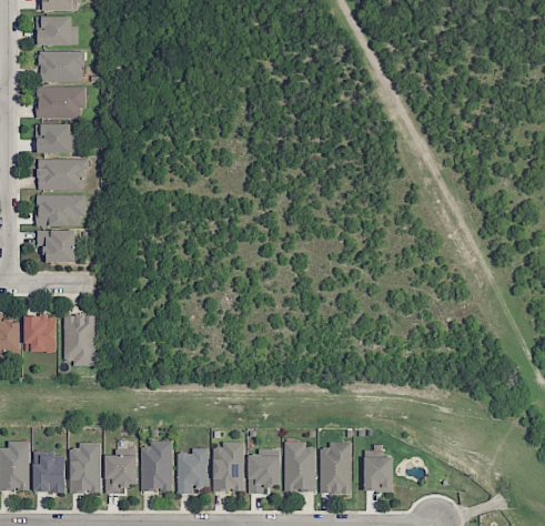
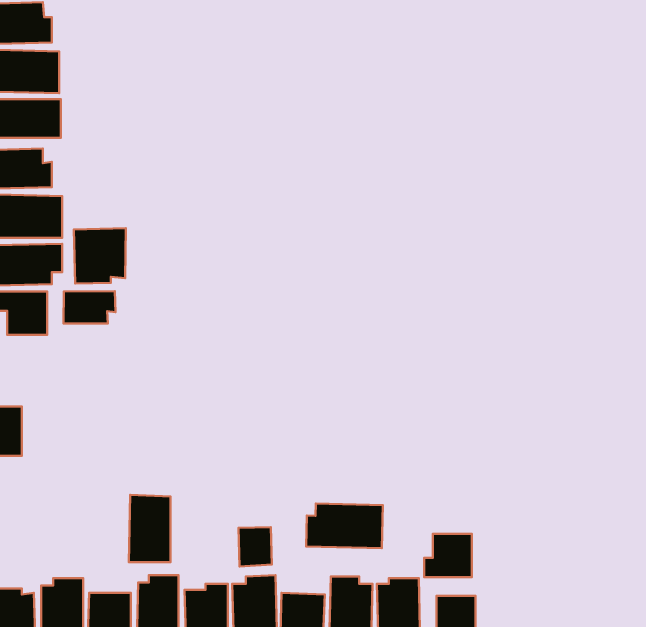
building: none -> [74,228,126,284]
building: none -> [64,291,116,323]
building: [63,314,94,364] -> [129,495,171,562]
building: none -> [306,504,383,548]
building: none -> [239,527,272,567]
building: none -> [424,534,472,577]

